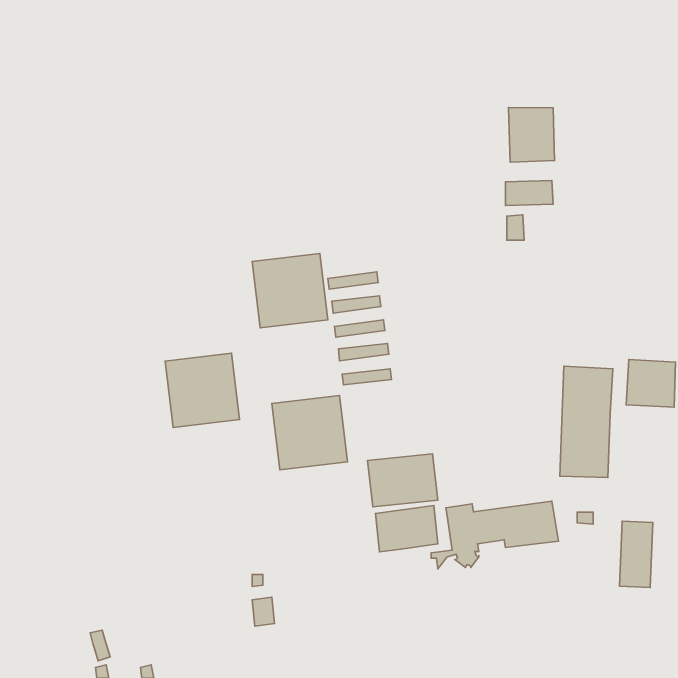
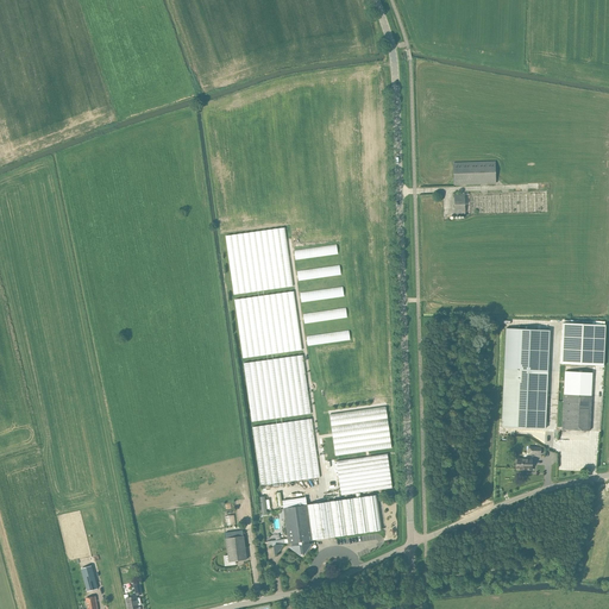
building: [509,108,555,162] -> none
building: [165,353,240,428] -> [236,291,302,358]
building: none -> [253,419,320,484]
building: [431,501,558,569] -> [269,495,383,555]
building: [620,521,653,587] -> [563,371,592,431]

